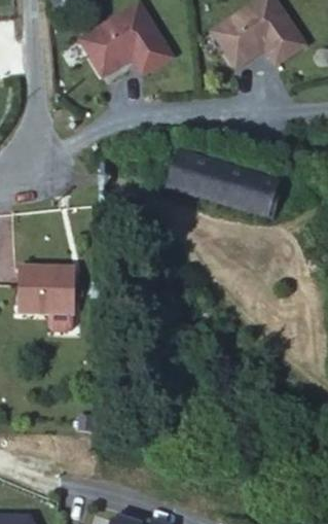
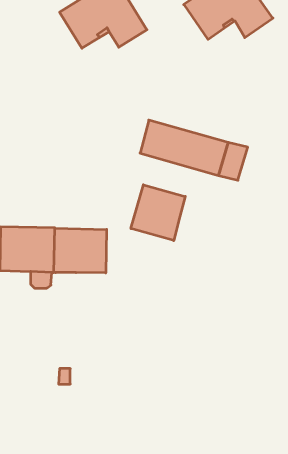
building: none -> [131,185,185,241]
building: none -> [54,228,107,273]

